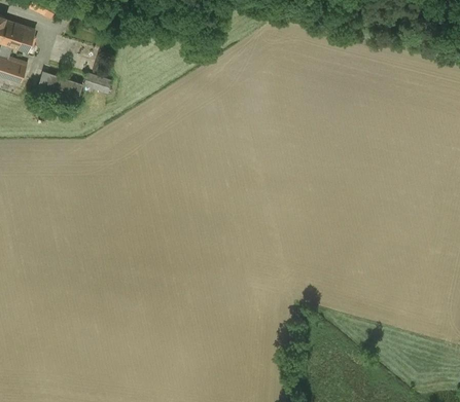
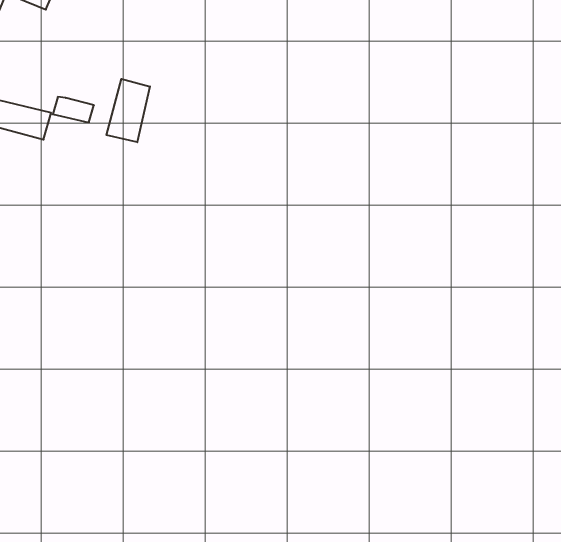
building: none -> [106,79,150,142]

